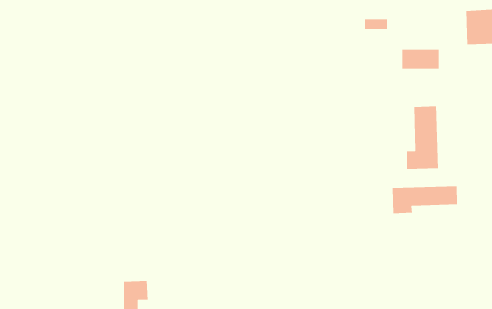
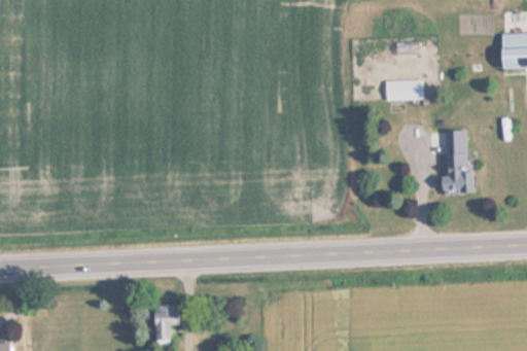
building: [402,49,439,69] -> [386,79,424,100]
building: [392,185,458,214] -> none

